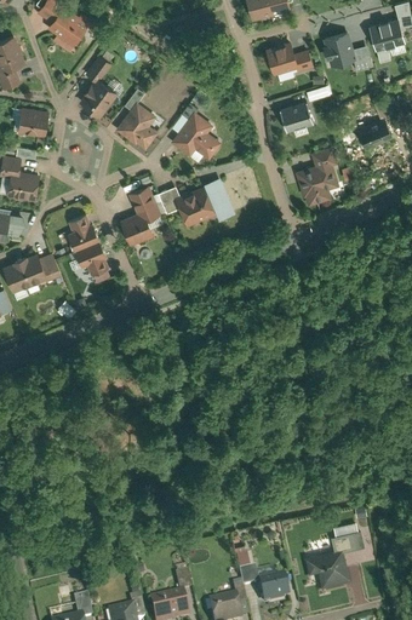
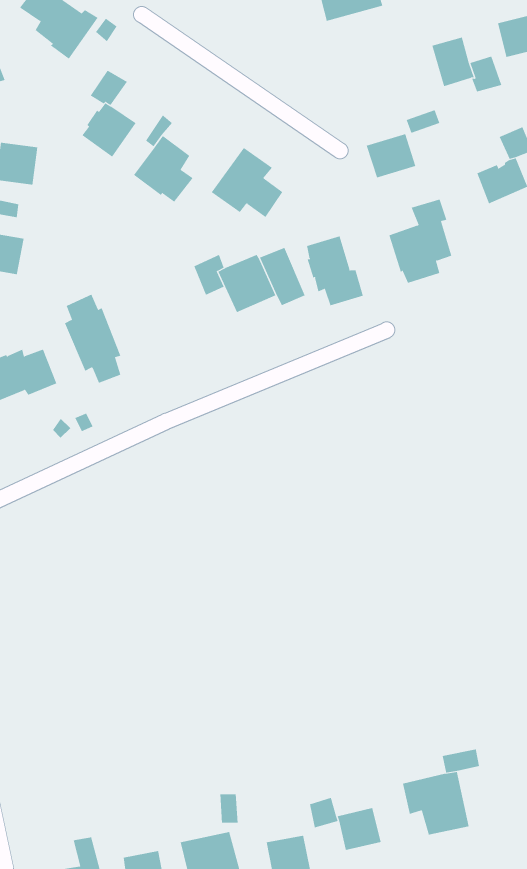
building: [264,41,315,76] -> none
building: none -> [307,235,364,306]
building: [119,184,162,246] -> none

